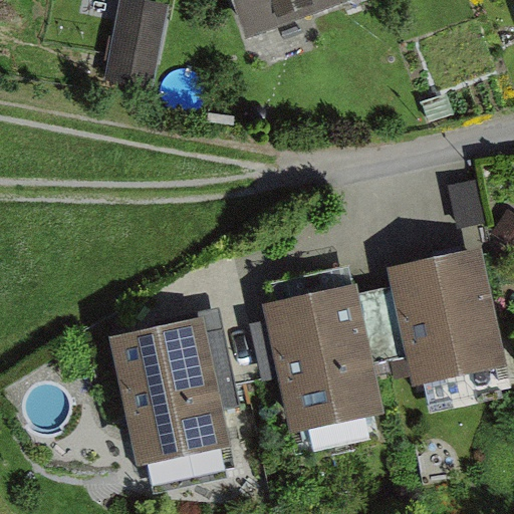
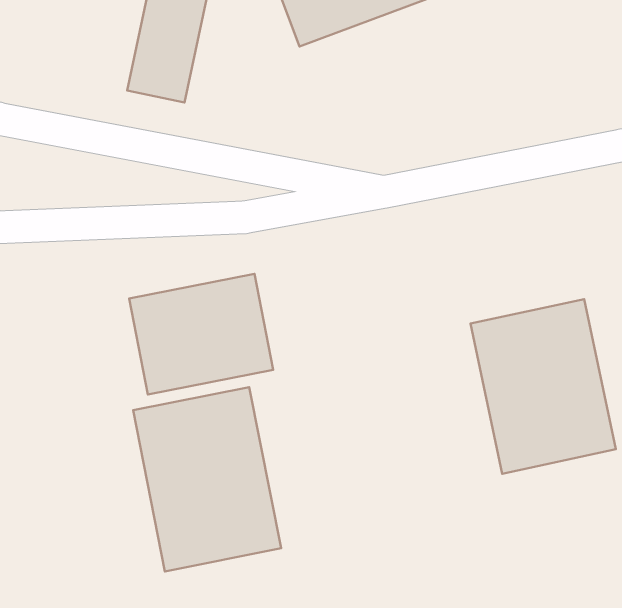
building: none -> [129,274,273,395]
building: [262,283,382,436] -> none

